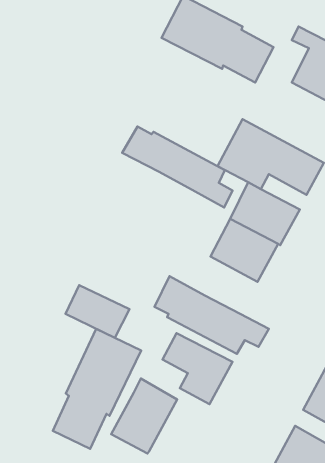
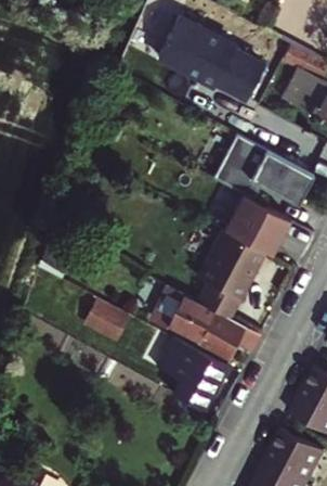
building: [122,126,233,207] -> none
building: none -> [195,265,248,319]
building: [53,329,141,449] -> none
building: [111,379,177,453] -> none

